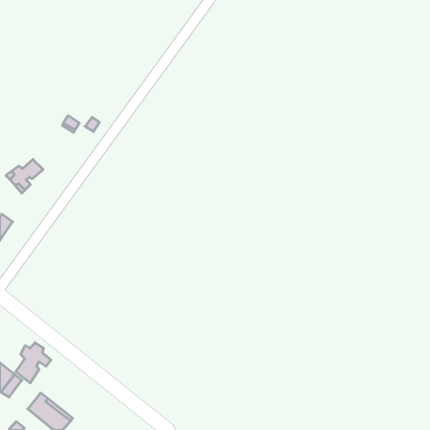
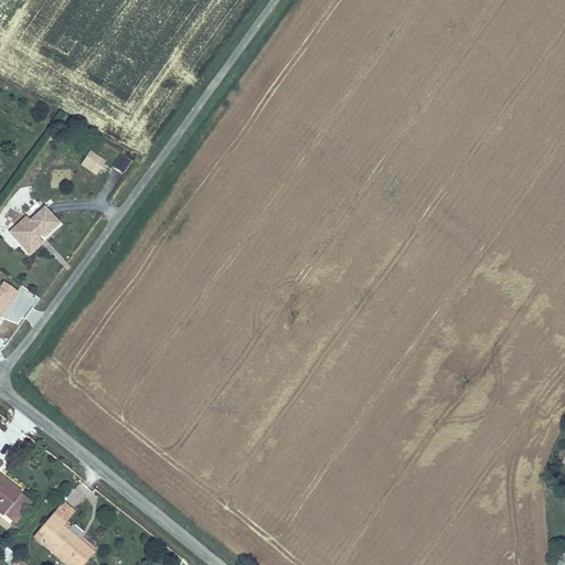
building: [16,343,51,383] -> none

